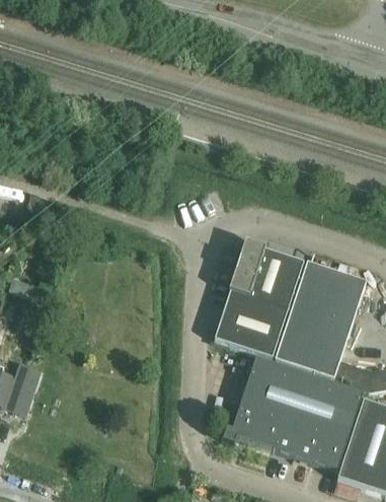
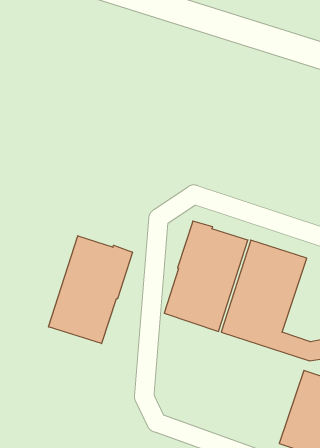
building: none -> [49,236,132,344]
building: [222,358,364,470] -> none

